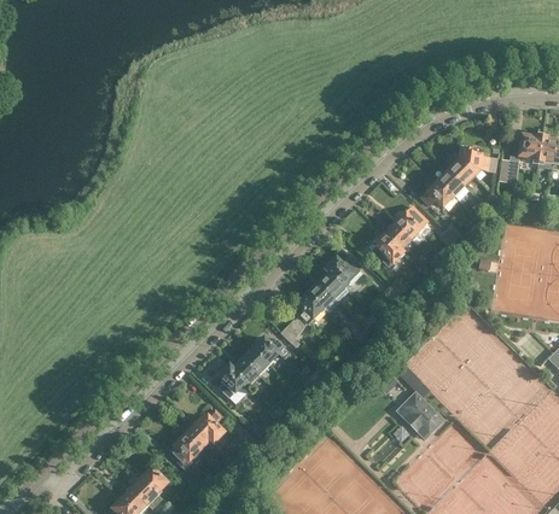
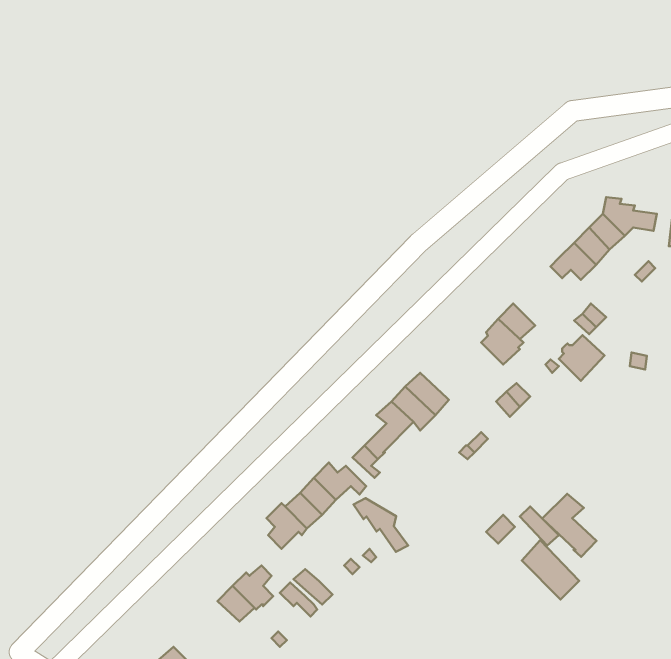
building: [395,206,427,239] -> [559,335,605,381]
building: [325,258,363,291] -> none
building: none -> [542,494,596,557]
building: none -> [353,498,408,552]
building: [169,436,199,469] -> none

